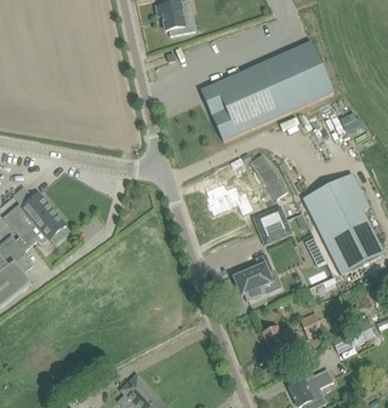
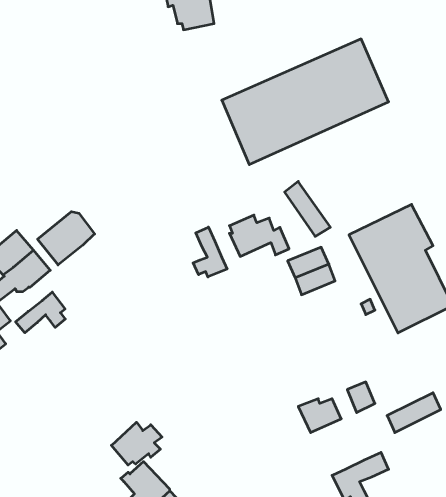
building: none -> [38,212,95,265]
building: none -> [193,227,227,277]
building: none -> [16,292,65,333]
building: [233,252,272,299] -> none
building: none -> [111,422,162,465]

